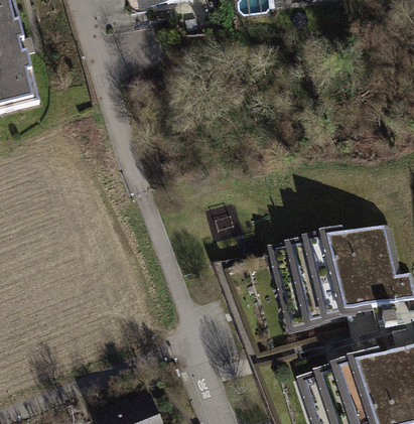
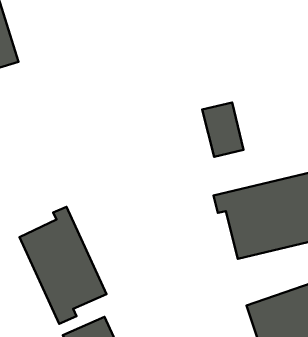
building: none -> [202,102,243,157]
building: none -> [20,207,106,324]

